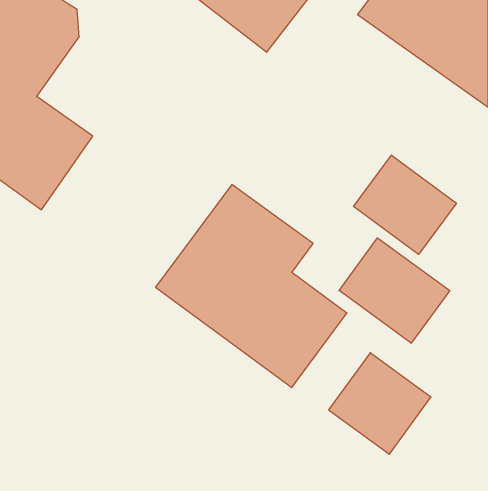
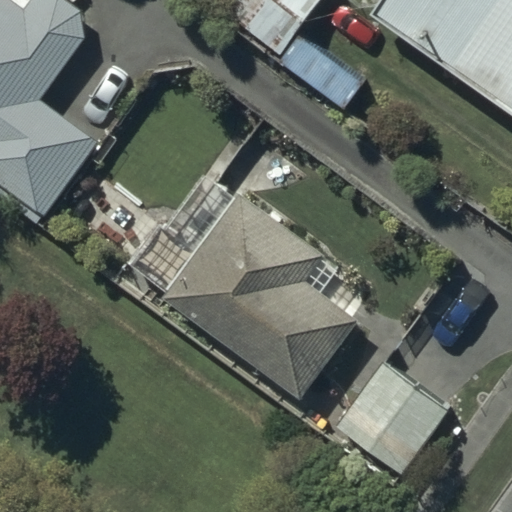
building: [354,155,456,254] -> none
building: [339,238,450,343] -> none

